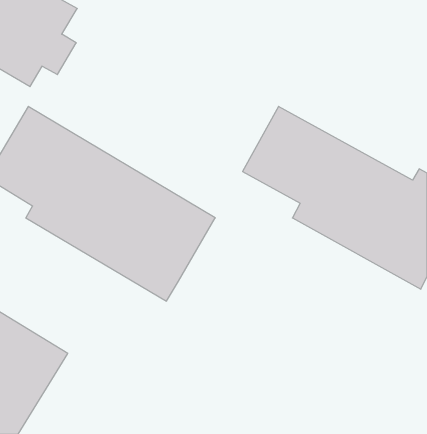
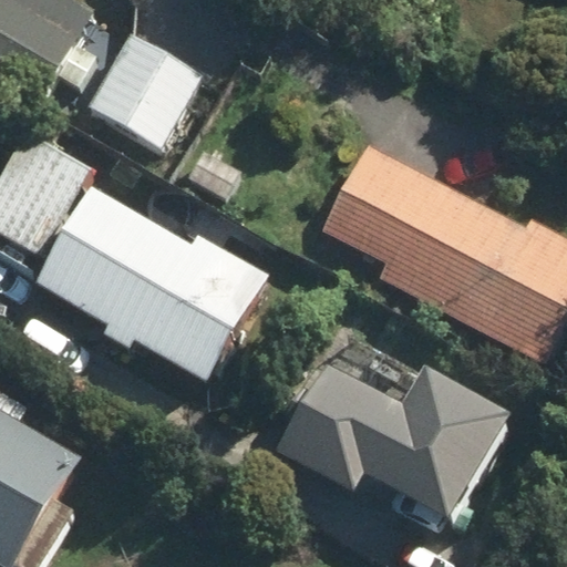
building: none -> [84,30,205,150]
building: none -> [266,357,509,518]

